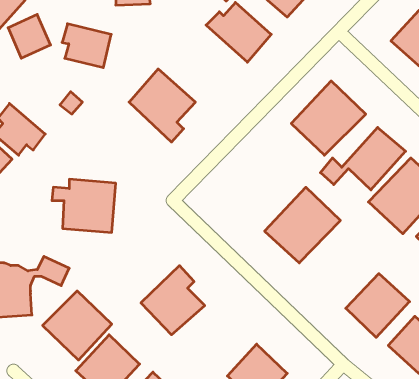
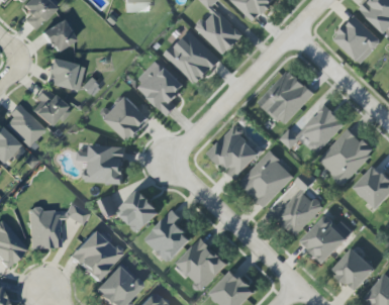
building: [62,24,111,68] -> [46,58,84,91]
building: none -> [165,29,219,84]
building: none -> [104,95,155,141]
building: none -> [208,126,260,179]
building: none -> [274,183,323,235]
building: none -> [96,189,160,232]
building: none -> [176,237,227,289]

